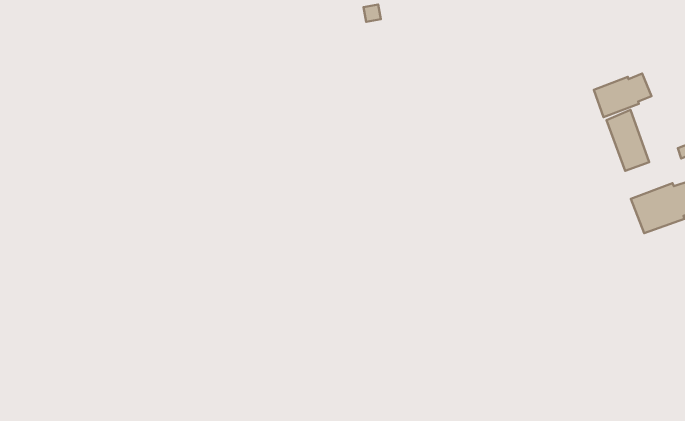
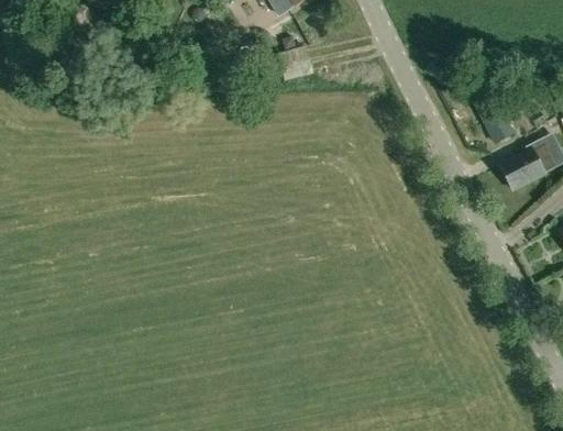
building: [594,73,652,117] -> none

